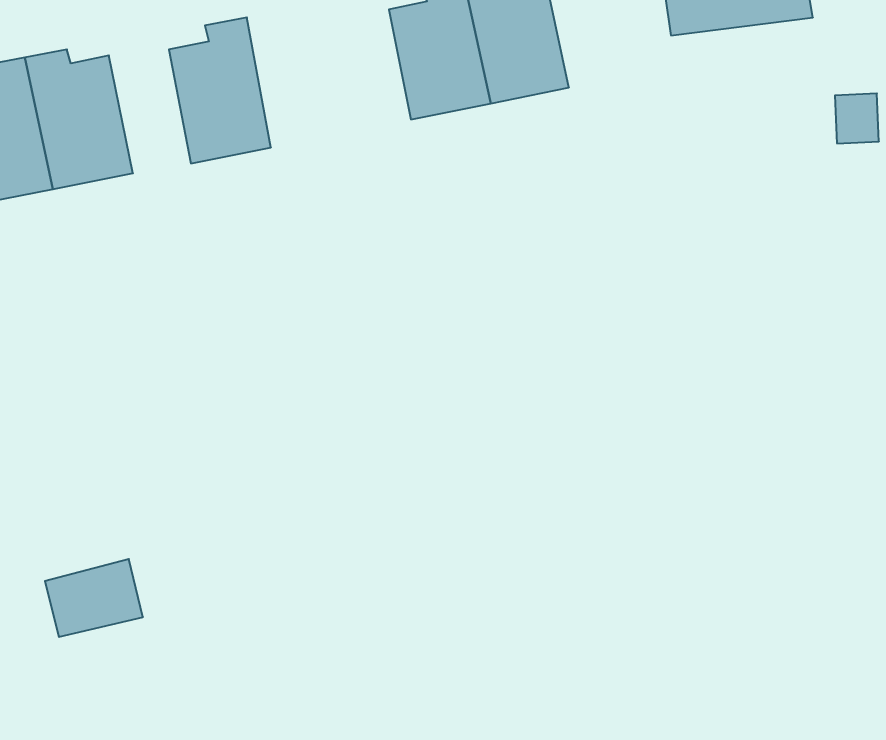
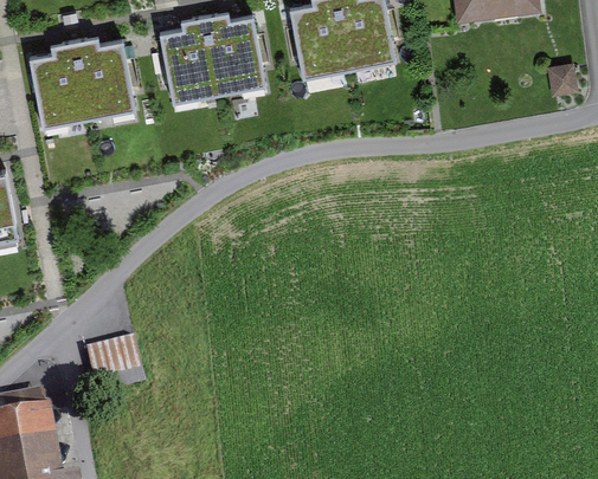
building: none -> [204,9,265,91]

